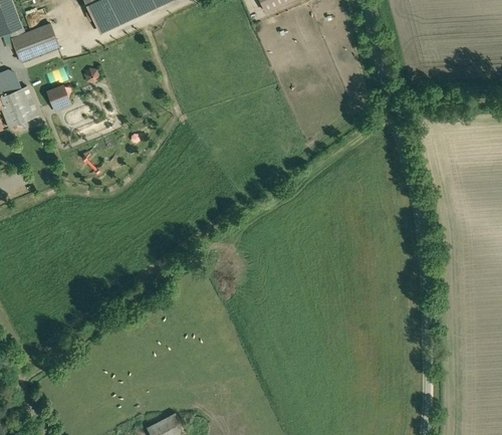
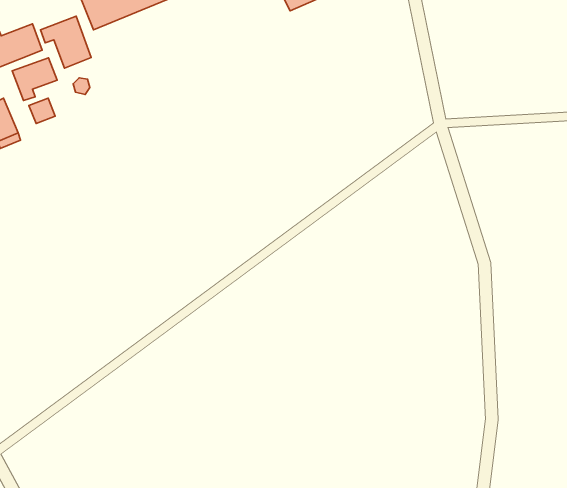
building: none -> [41,16,91,68]
building: none -> [12,58,57,101]

